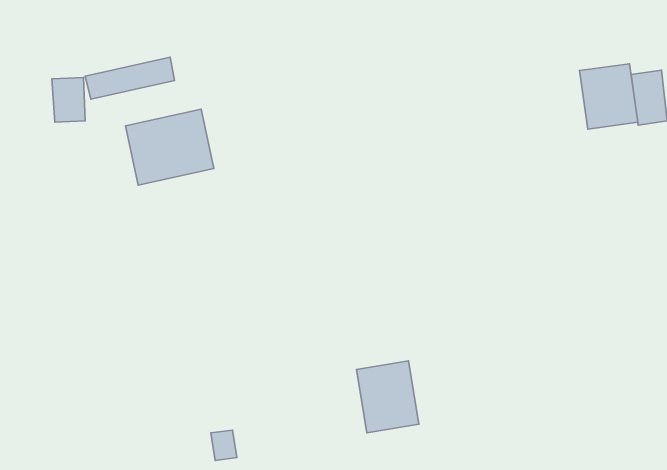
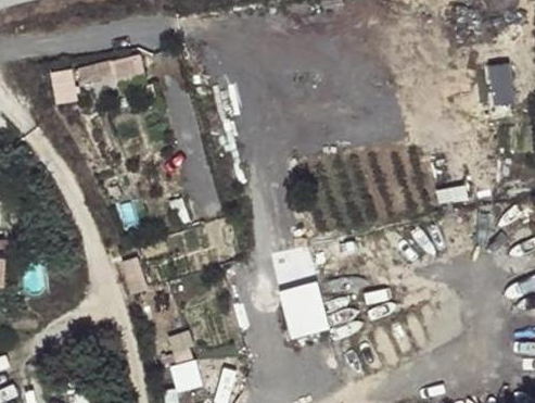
building: [579,64,638,129] -> none
building: [125,109,214,185] -> none

